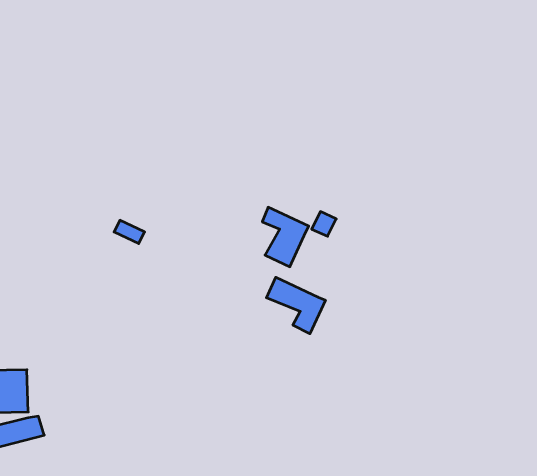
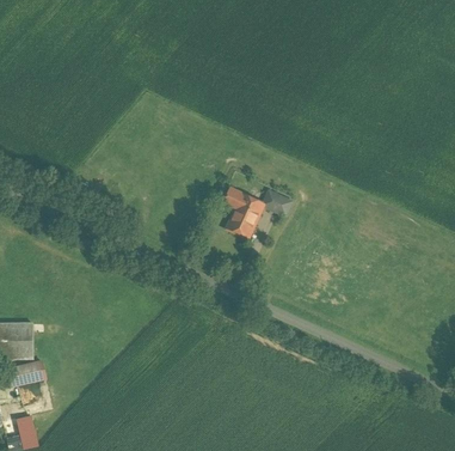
building: [266,277,325,334] -> none

